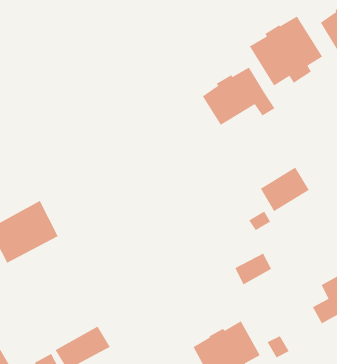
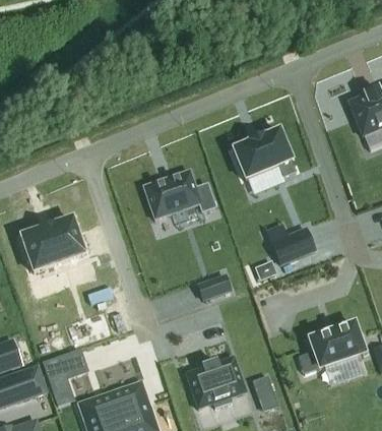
building: [249,16,323,87] -> none
building: none -> [144,173,215,221]
building: [234,253,272,286] -> [197,274,231,301]

